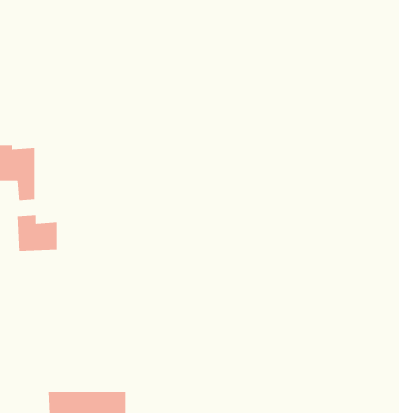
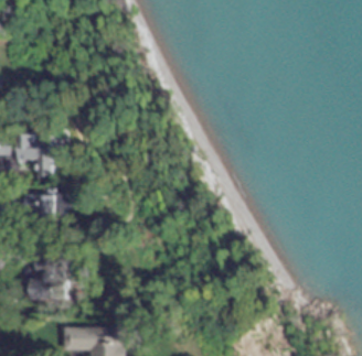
building: none -> [28,250,63,300]

